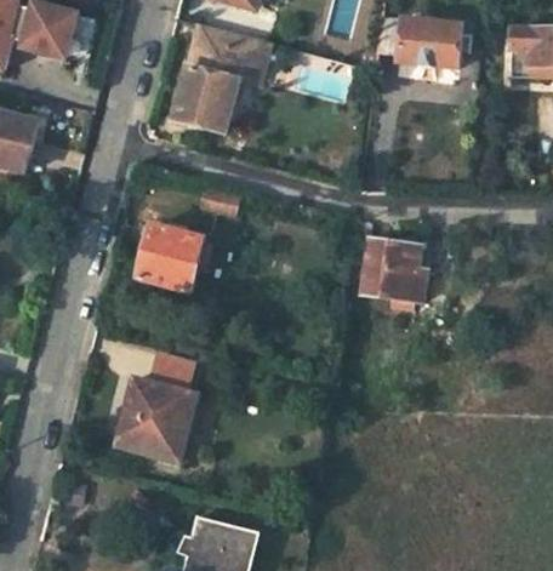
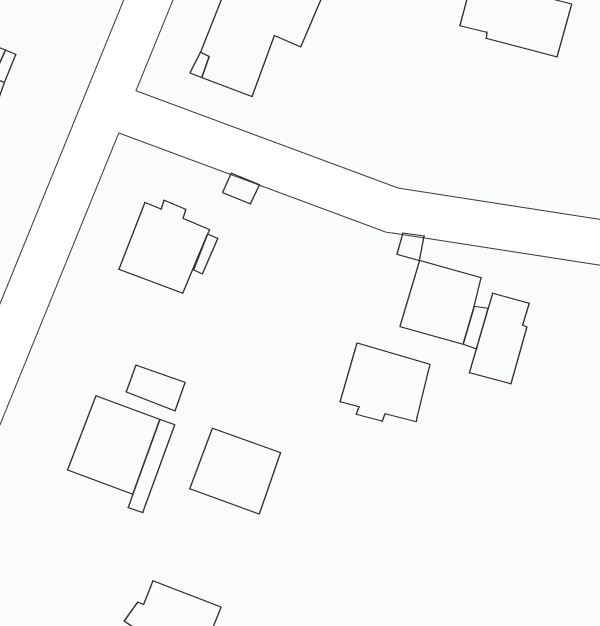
building: none -> [470,293,529,384]
building: none -> [340,343,430,422]
building: none -> [190,428,280,514]

